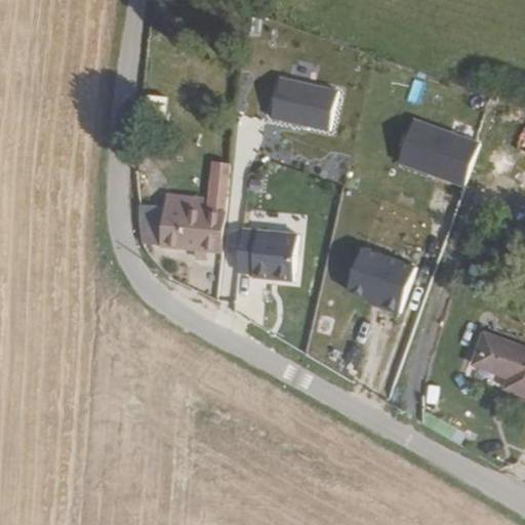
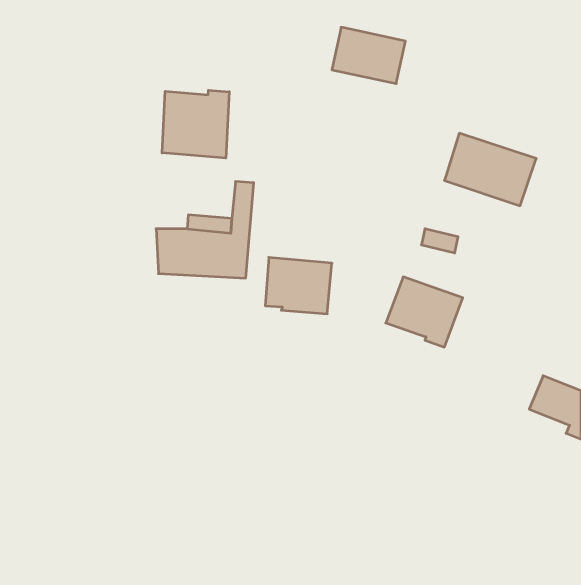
building: [270,77,335,127] -> [332,27,405,84]
building: none -> [162,90,229,158]

